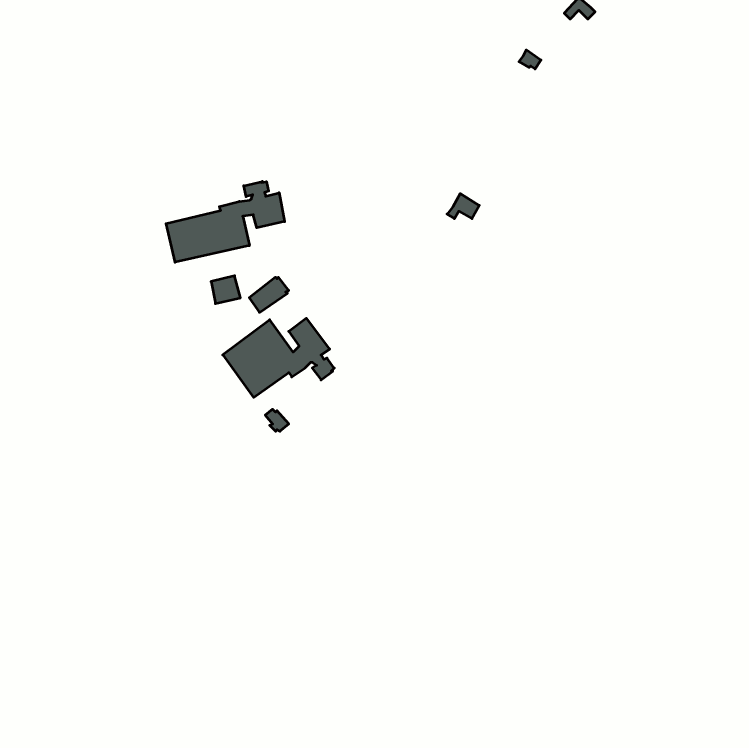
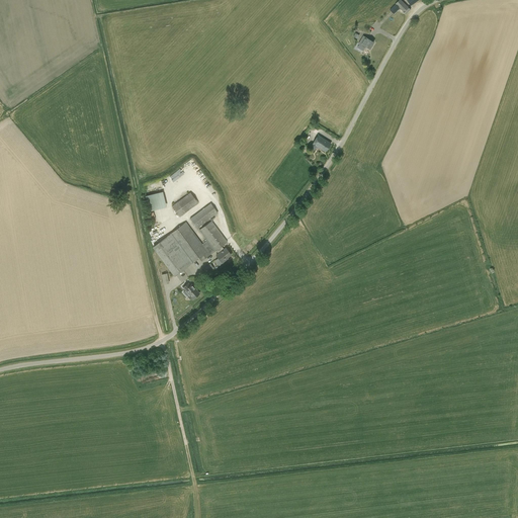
building: [166,181,285,262] -> none
building: none -> [187,198,219,228]

